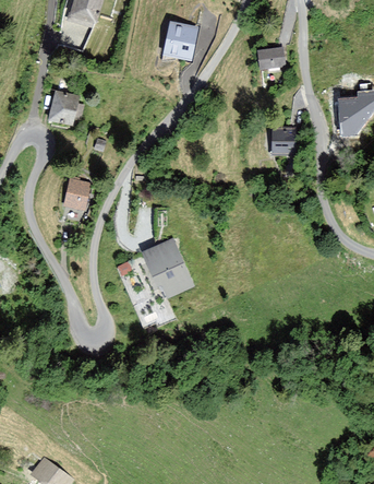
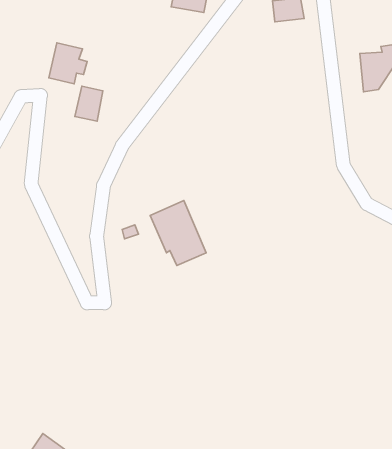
building: [272,128,298,154] -> none
building: [64,177,91,210] -> [75,86,103,121]

